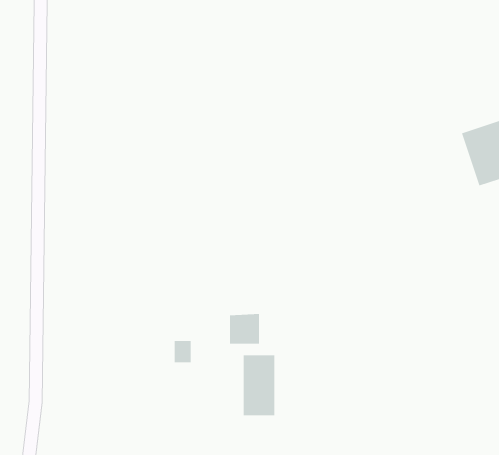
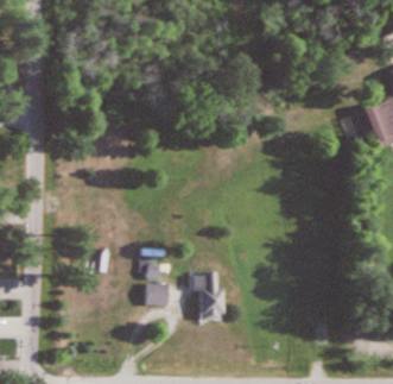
building: [229,314,260,344] -> [147,284,170,307]

